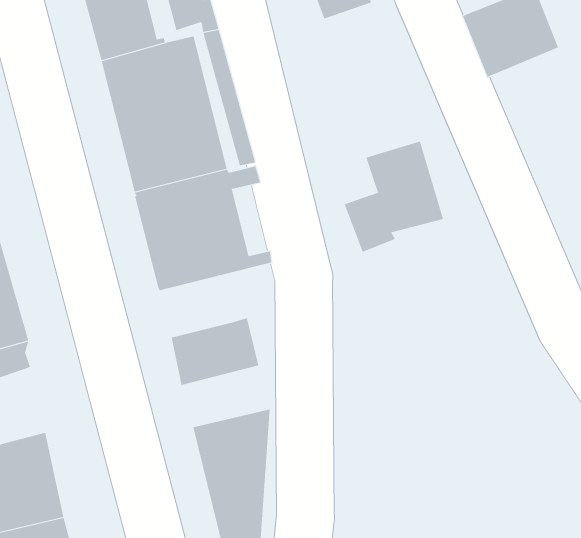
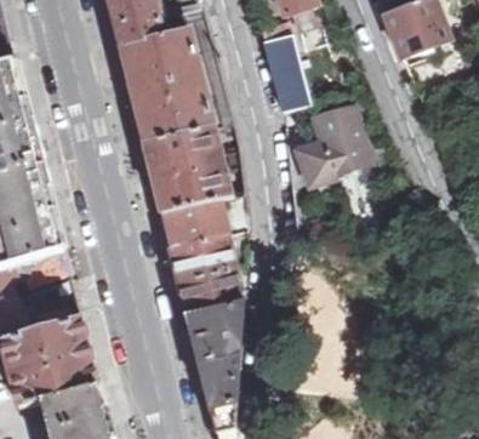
building: none -> [260,23,309,113]
building: none -> [166,204,213,247]
building: none -> [177,269,243,314]

